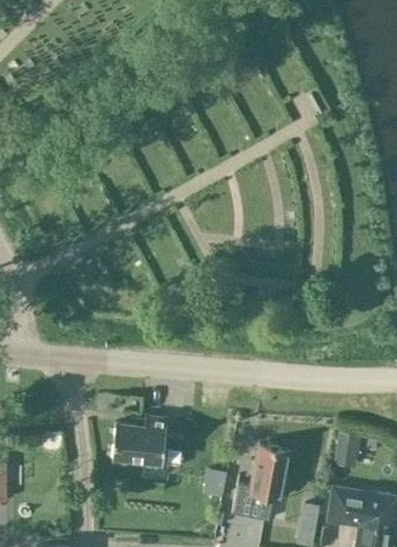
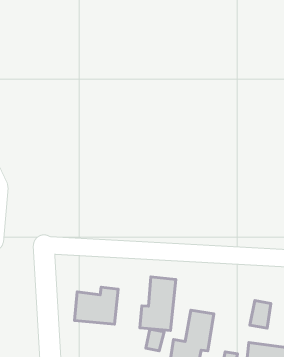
building: none -> [140,277,176,330]

